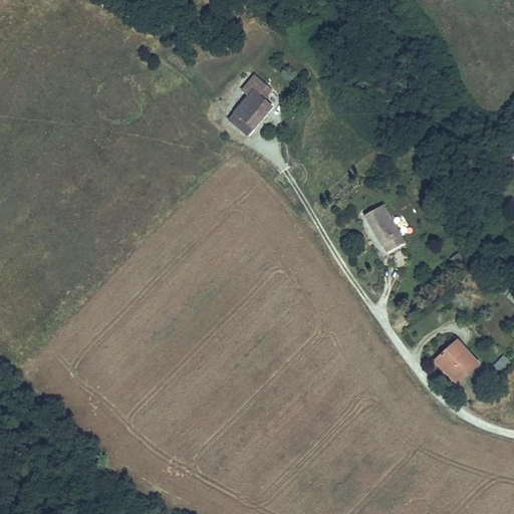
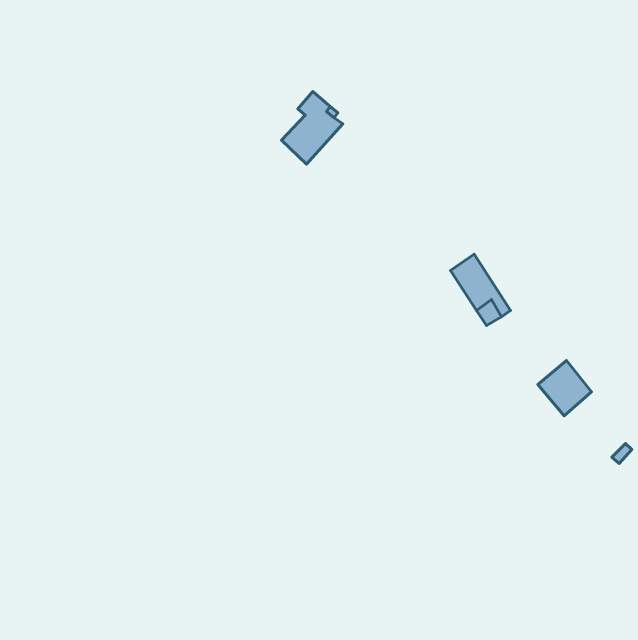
building: [437,339,480,383] -> [538,361,592,416]

